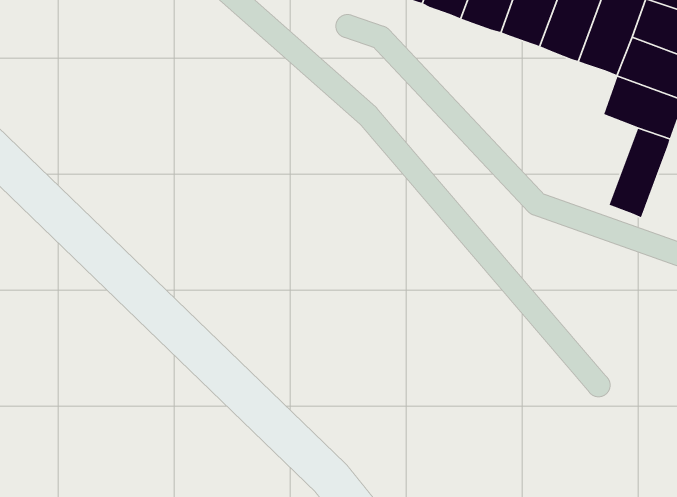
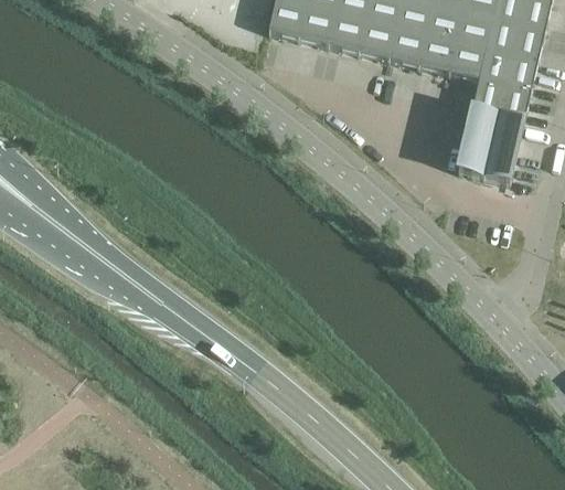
building: none -> [456,110,497,177]

